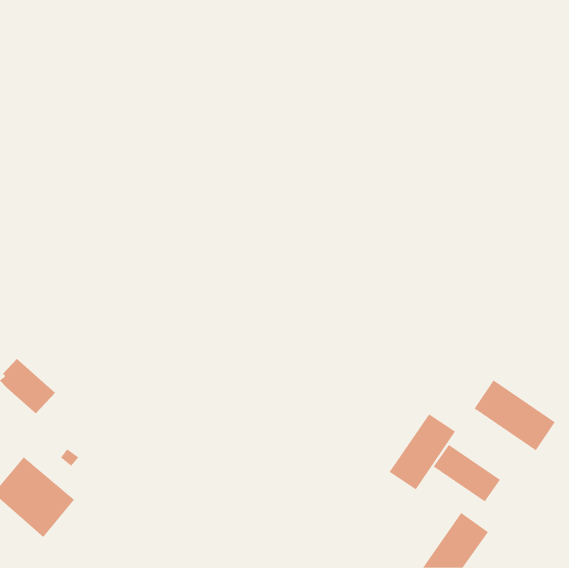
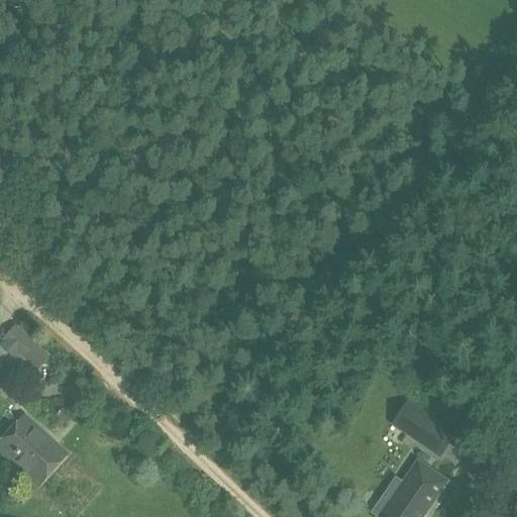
building: [474,380,555,451] -> none
building: [389,413,456,490] -> none

